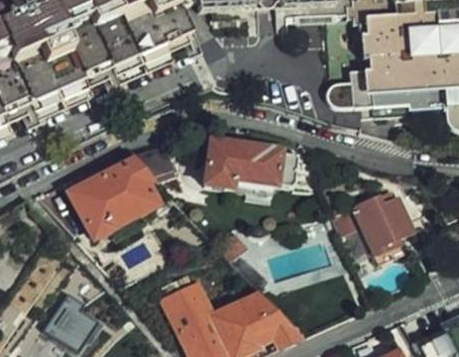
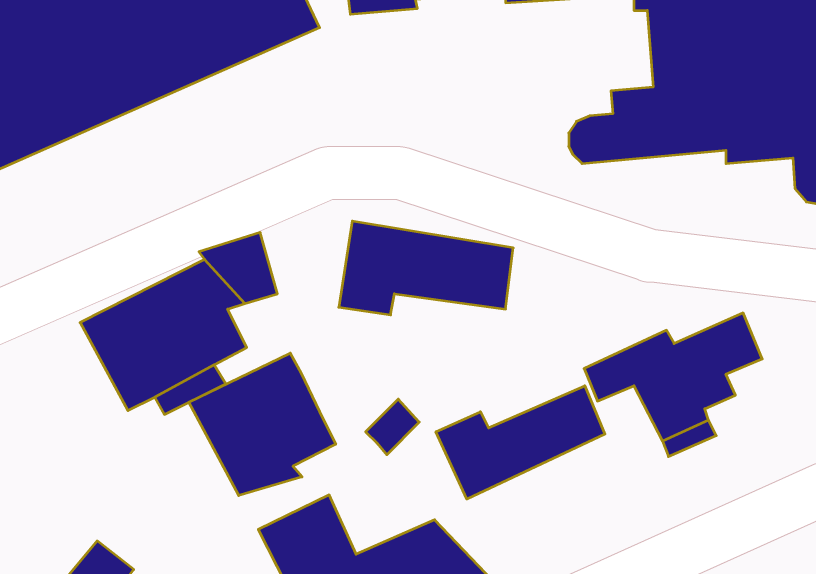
building: none -> [189,353,336,496]
building: none -> [436,386,605,499]

